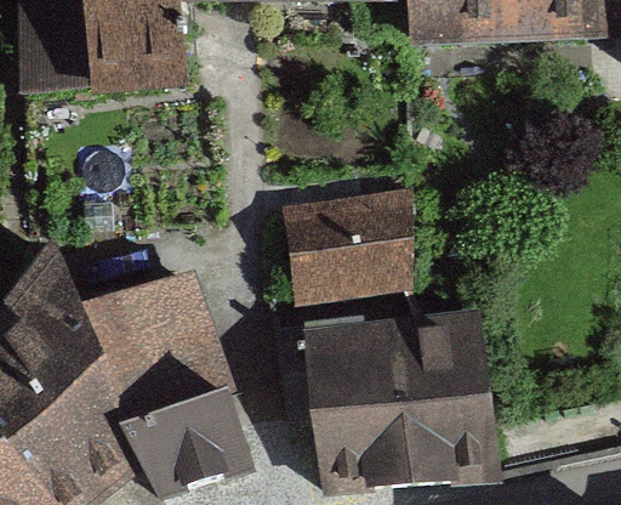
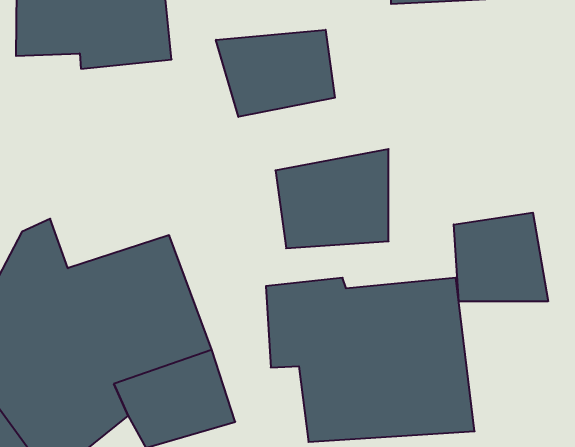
building: none -> [216,30,335,117]
building: none -> [454,213,548,301]

